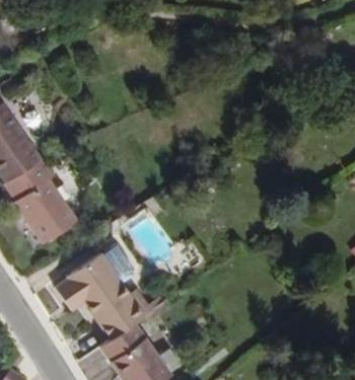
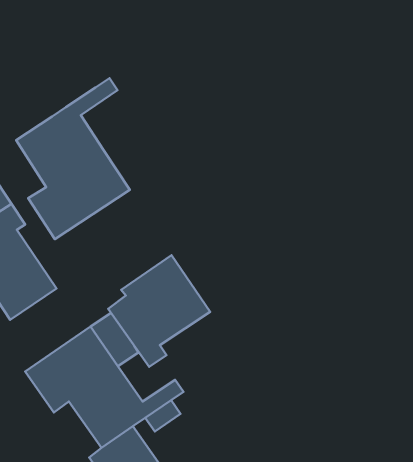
building: none -> [16,78,130,239]
building: none -> [108,255,210,367]

